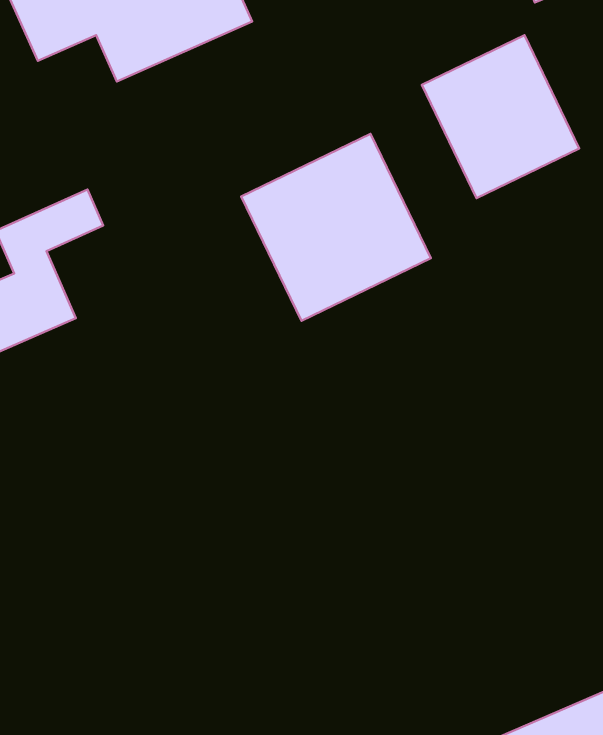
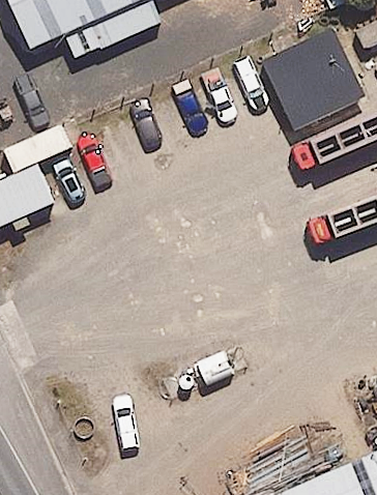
building: [241,134,431,321] -> none

